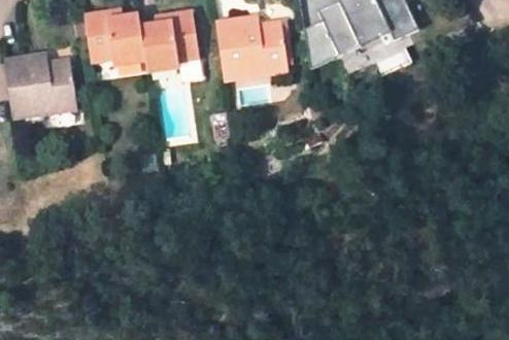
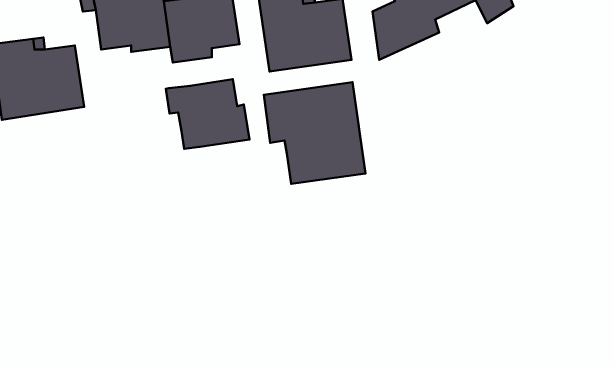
building: none -> [166,79,250,149]
building: none -> [264,82,366,184]

